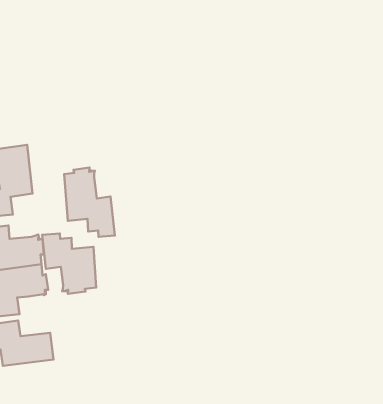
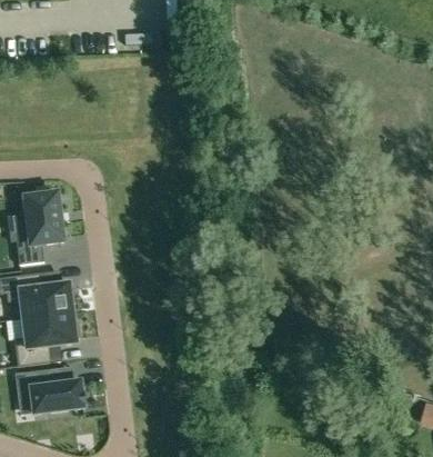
building: [64,168,115,237] -> none
building: [42,233,96,294] -> none

